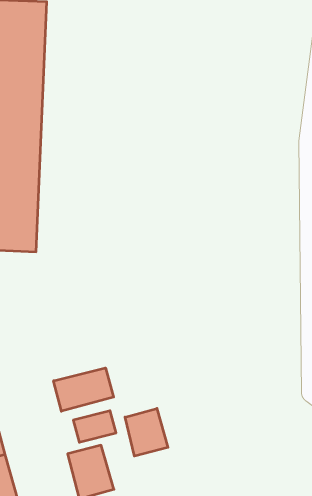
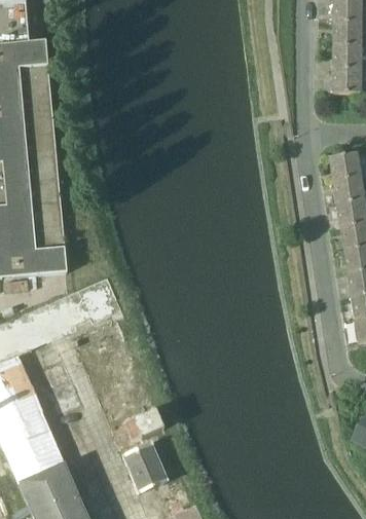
building: [54,368,114,411] -> none
building: [125,408,168,456] -> none

